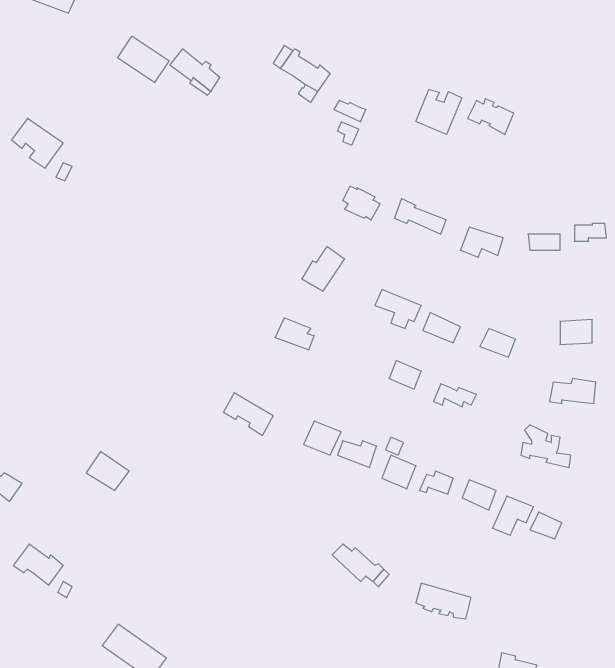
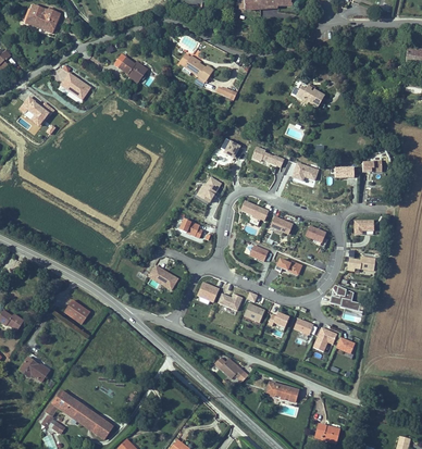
building: [118,36,169,83] -> [60,72,91,100]
building: [416,89,462,134] -> none
building: none -> [52,389,84,419]

